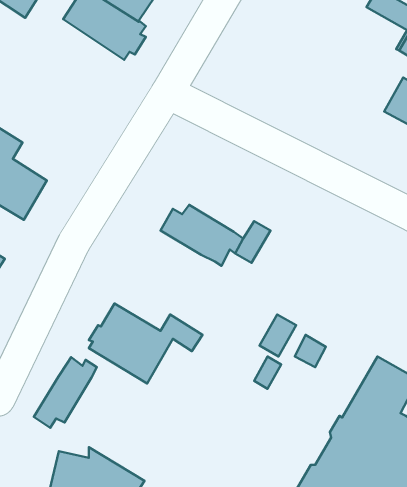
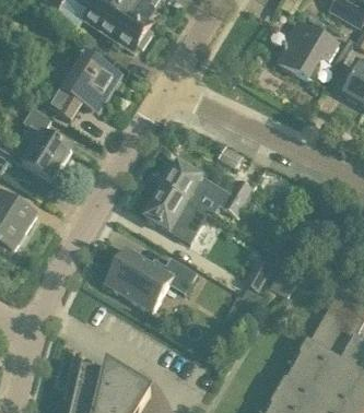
building: none -> [277,20,339,78]
building: none -> [48,49,120,118]
building: none -> [145,188,207,243]
building: [34,357,97,428] -> none

